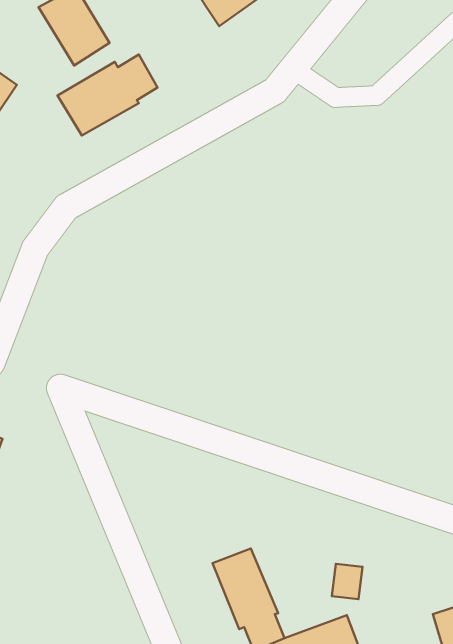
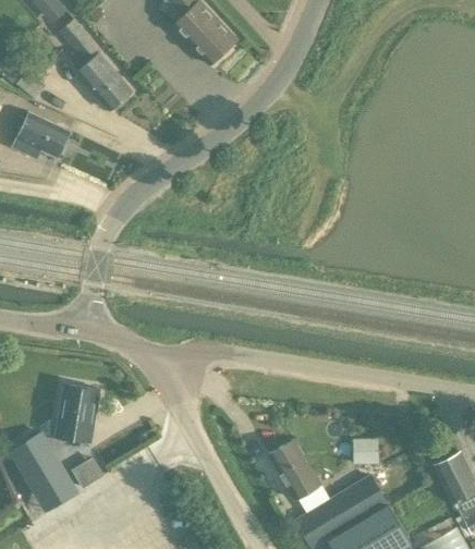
building: [57,55,158,136] -> none

